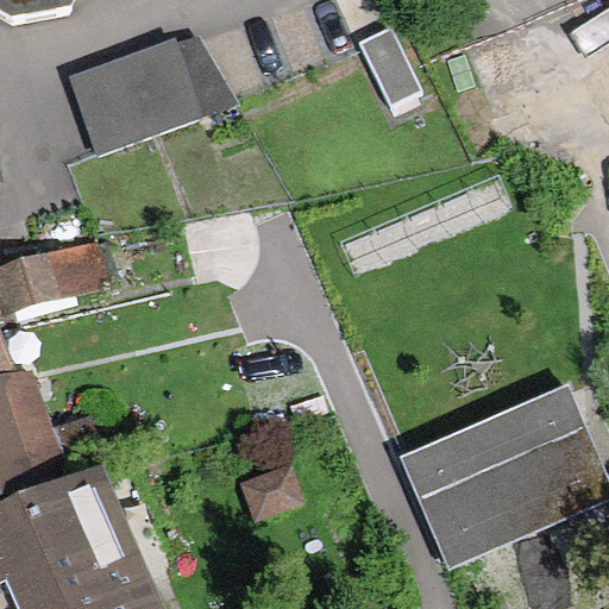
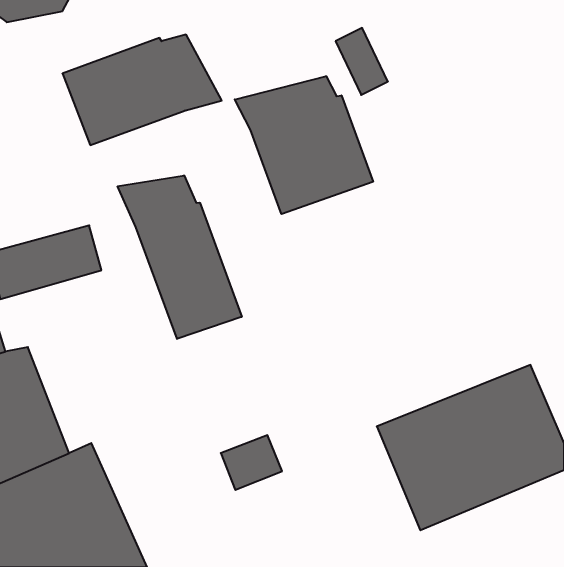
building: none -> [235,76,373,214]
building: none -> [118,175,242,339]

